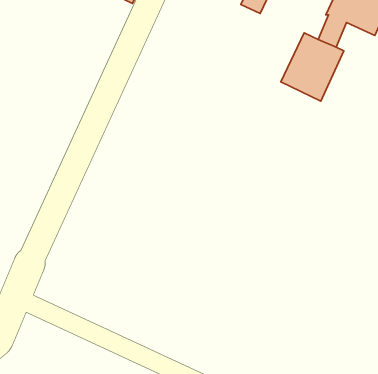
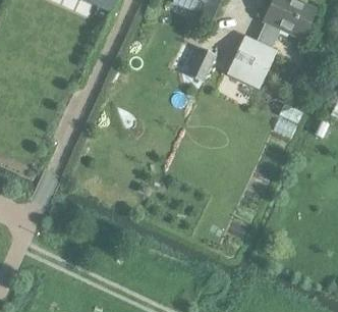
building: none -> [186,47,216,82]

